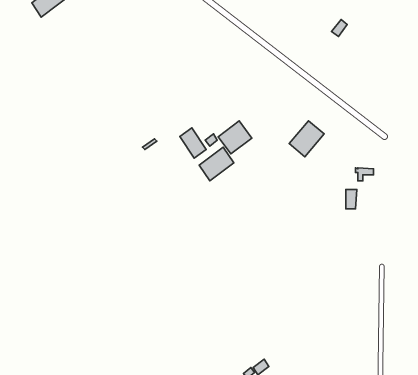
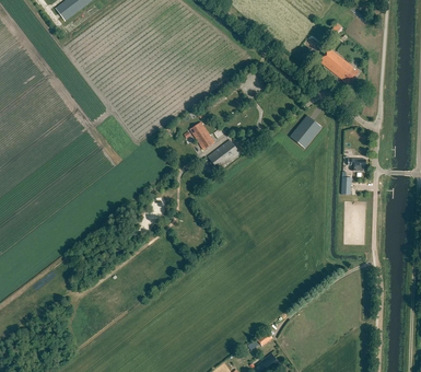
building: none -> [319,48,358,85]
building: [218,121,252,154] -> none

